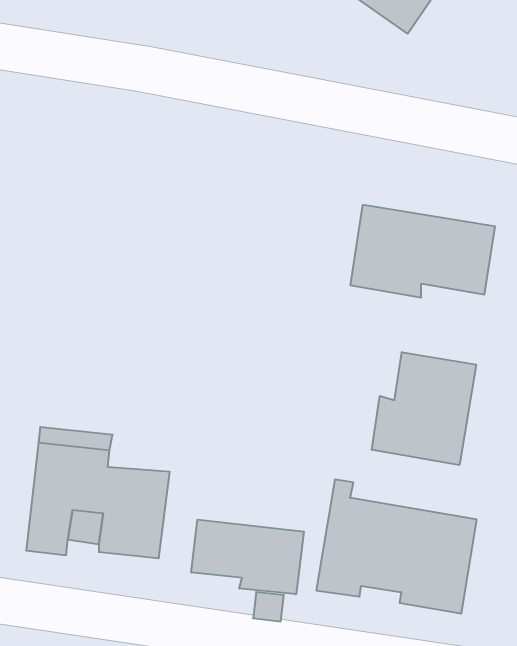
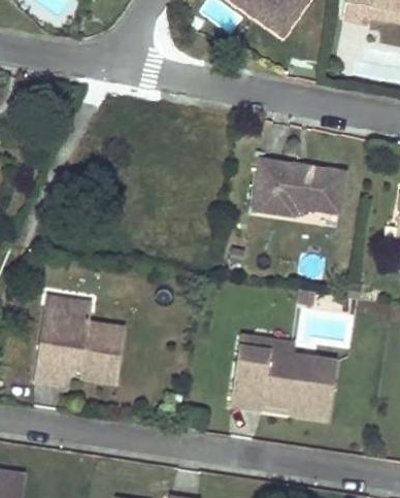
building: [372,352,476,465] -> none
building: [191,520,304,594] -> none

